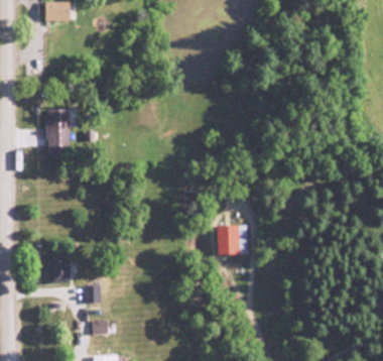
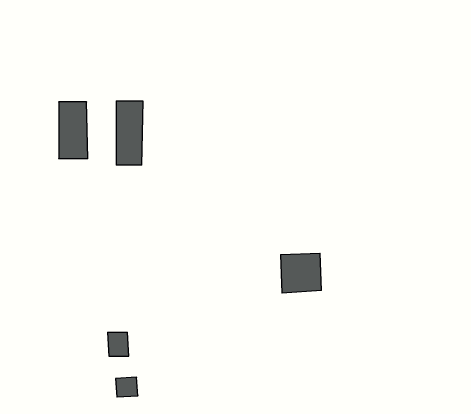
building: none -> [116,101,143,165]
building: [51,260,70,282] -> none

